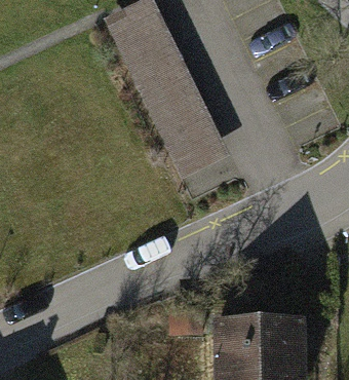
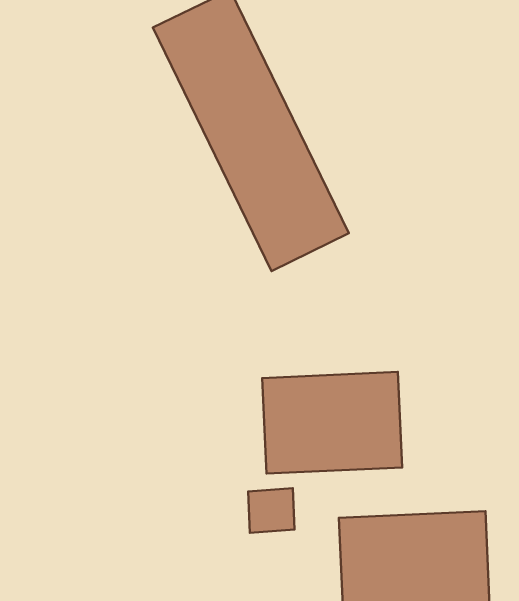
building: none -> [262,372,402,473]

